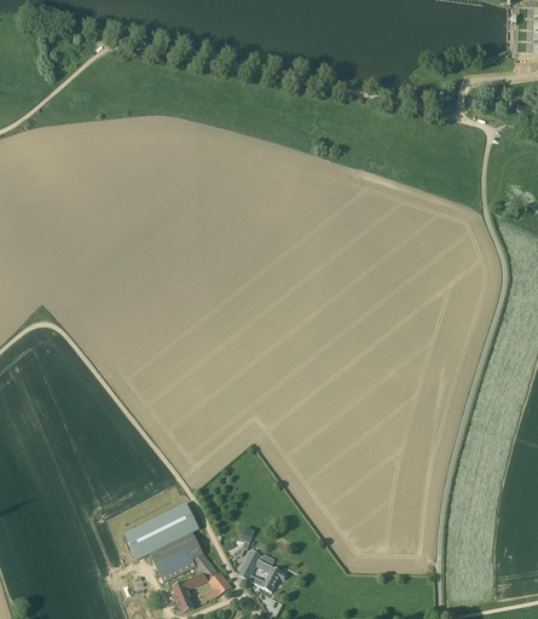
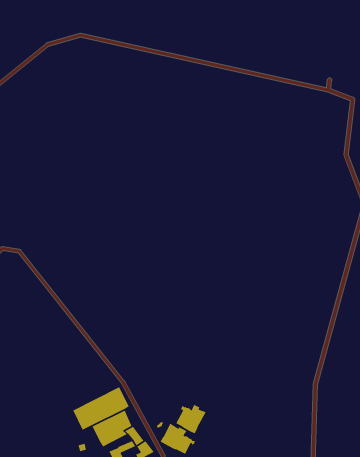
building: none -> [175,404,207,435]

